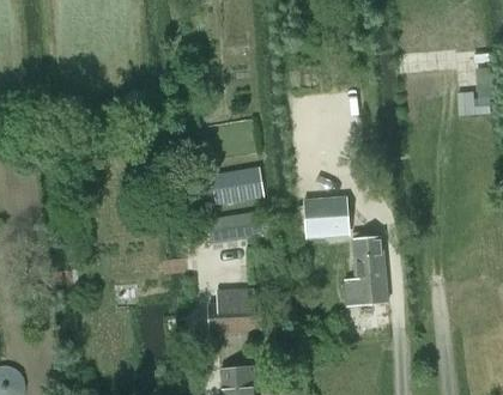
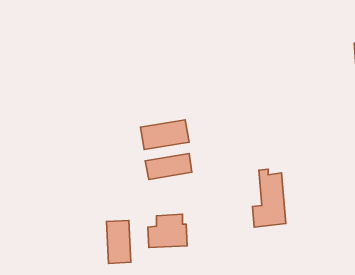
building: [304,199,345,237] -> none
building: none -> [106,221,131,263]

